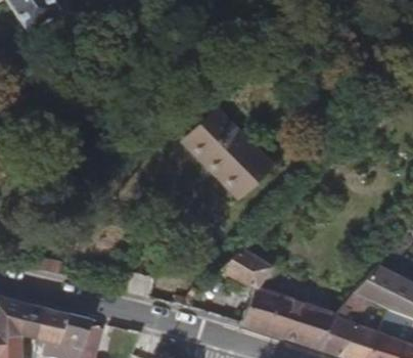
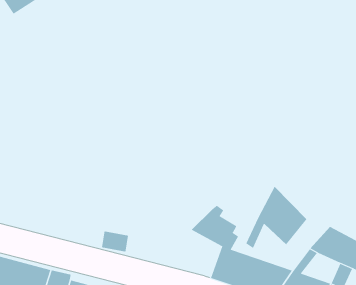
building: [183,109,271,196] -> none
building: none -> [245,186,307,249]

